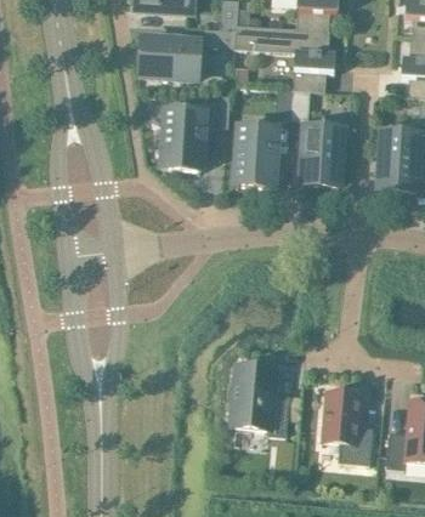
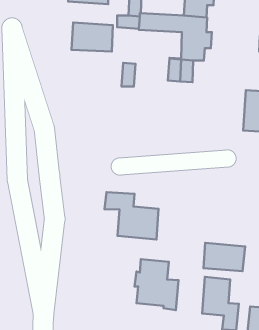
building: [161,109,203,167] -> none
building: [300,125,341,183] -> none
building: [234,126,276,184] -> none
building: none -> [105,192,159,240]
building: none -> [203,243,245,271]

